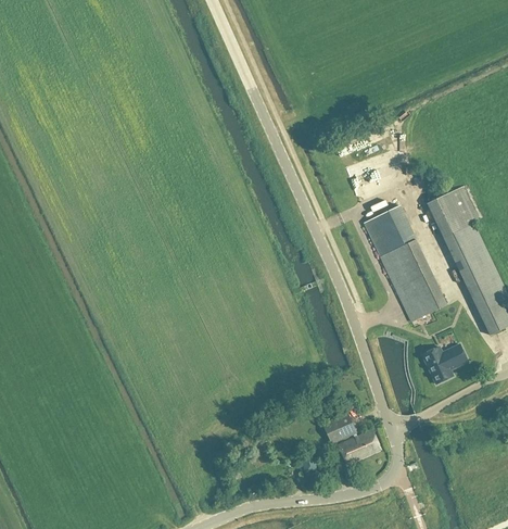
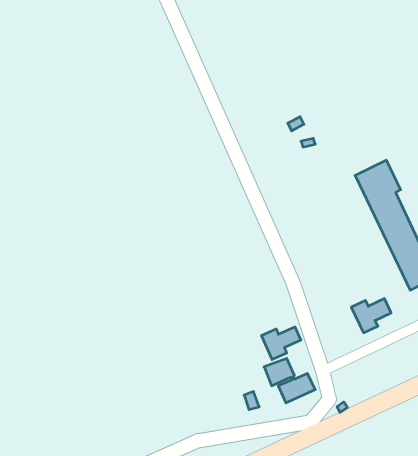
building: [364,205,447,322] -> none
building: none -> [262,327,301,360]

